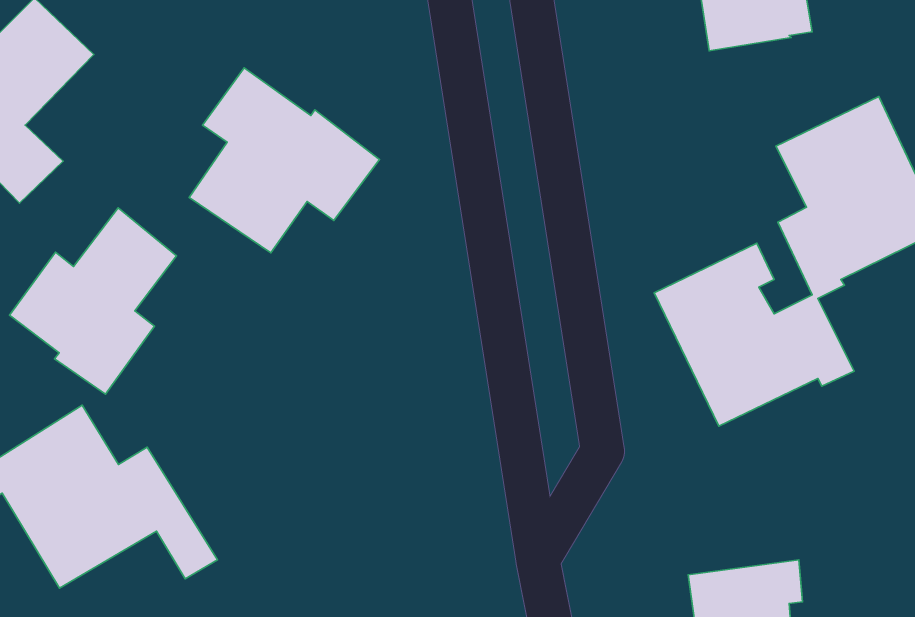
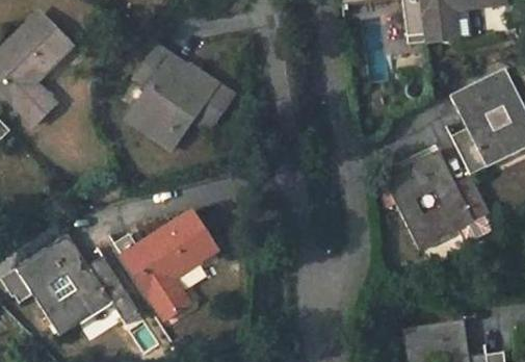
building: [9,208,176,394] -> none
building: none -> [117,219,219,325]

